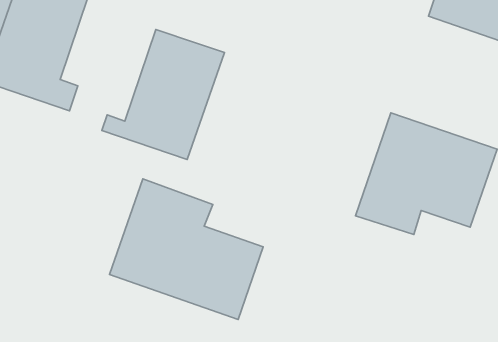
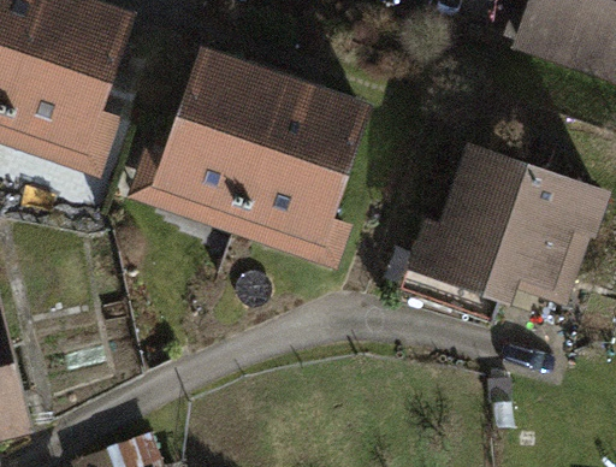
building: none -> [238,85,361,265]
building: [110,179,263,319] -> none

